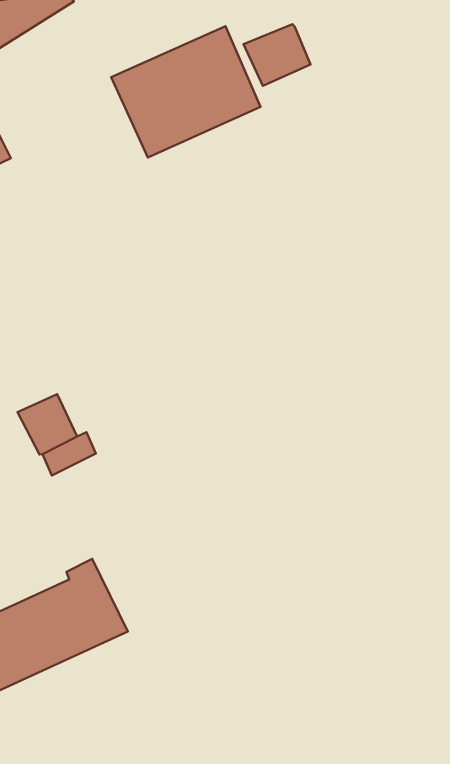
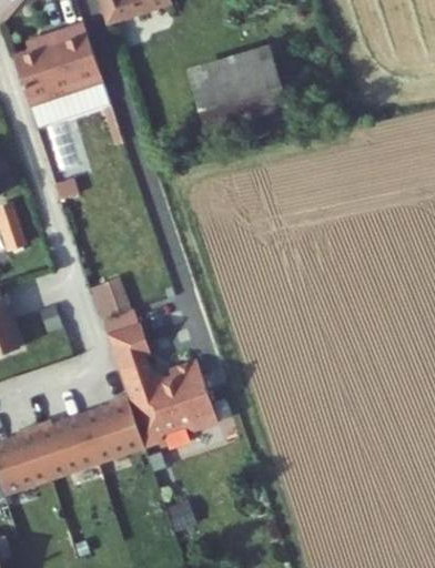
building: [244,24,311,86] -> none
building: none -> [110,328,215,450]

